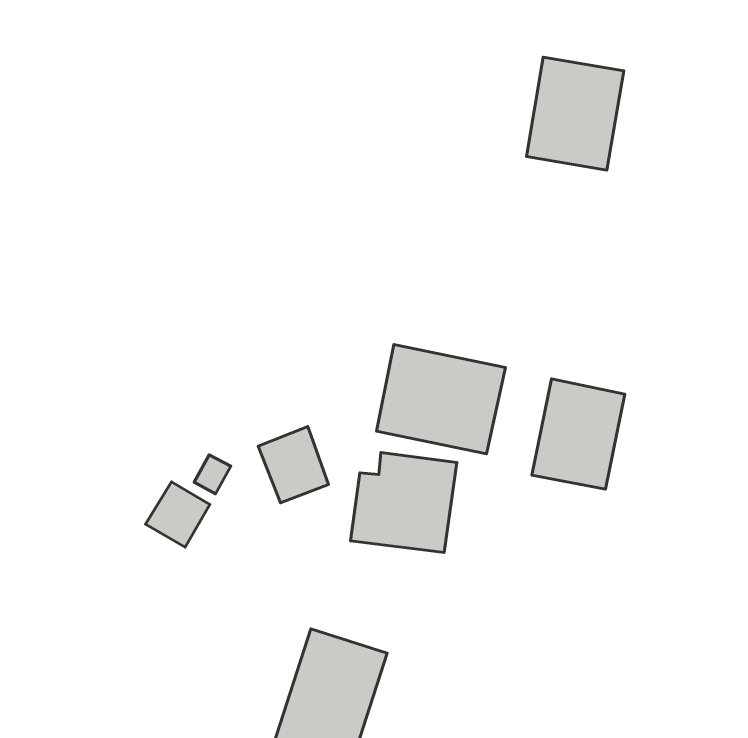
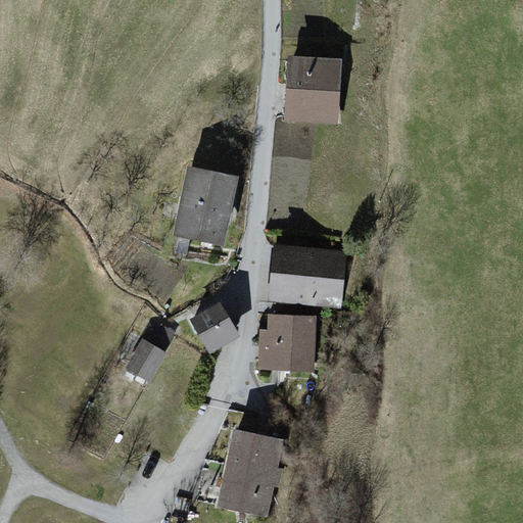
building: [526,57,624,170] -> [284,55,341,124]
building: none -> [173,167,239,247]
building: [532,379,625,489] -> none

